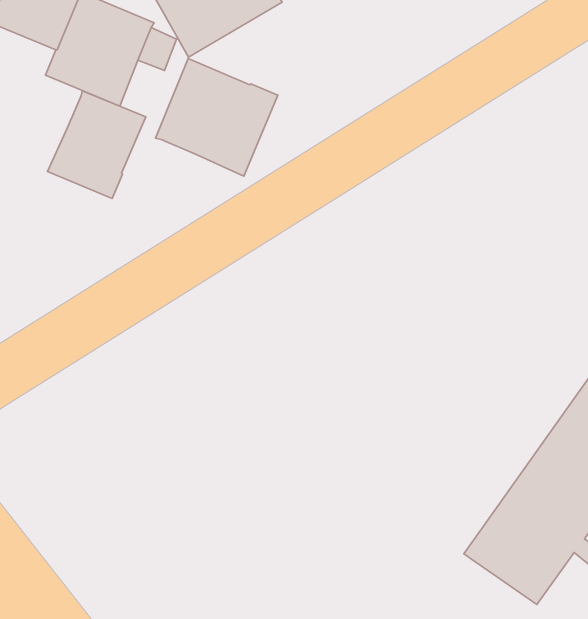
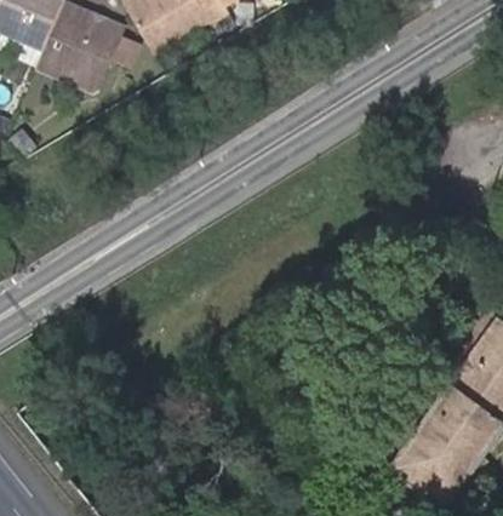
building: [155,59,278,176] -> none
building: [48,91,146,199] -> none

